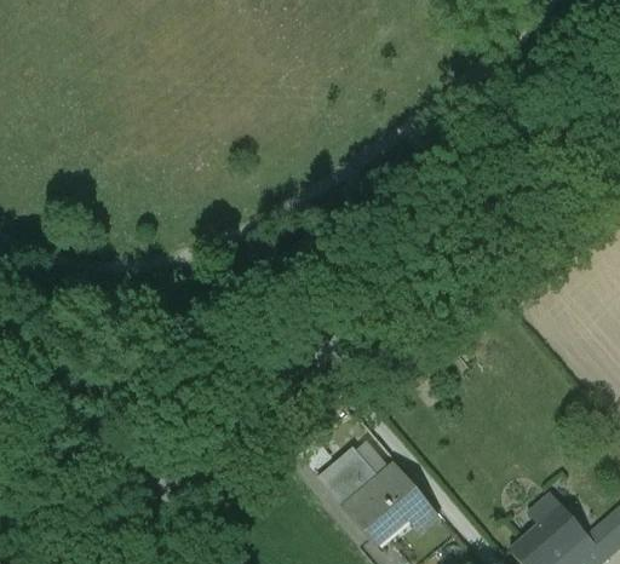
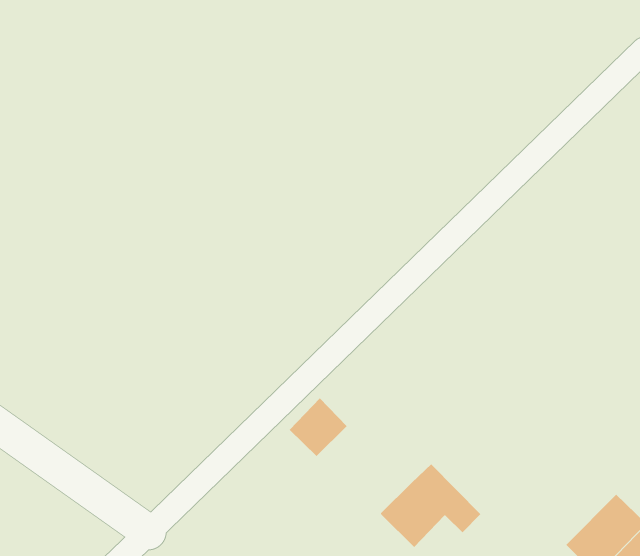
building: [323,451,377,505] -> [289,398,348,457]

